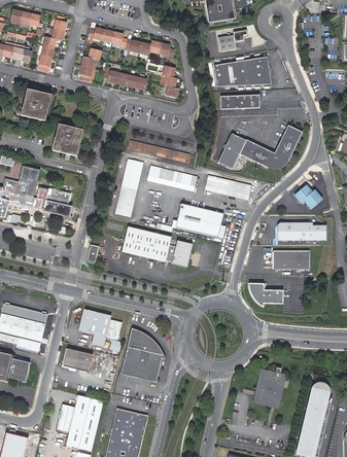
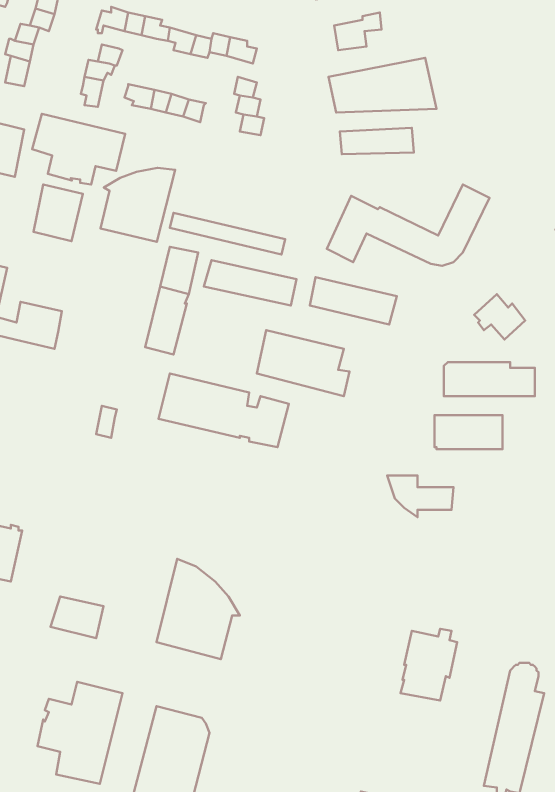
building: none -> [32,114,125,185]
building: none -> [100,168,175,242]
building: [79,311,125,346] -> none

